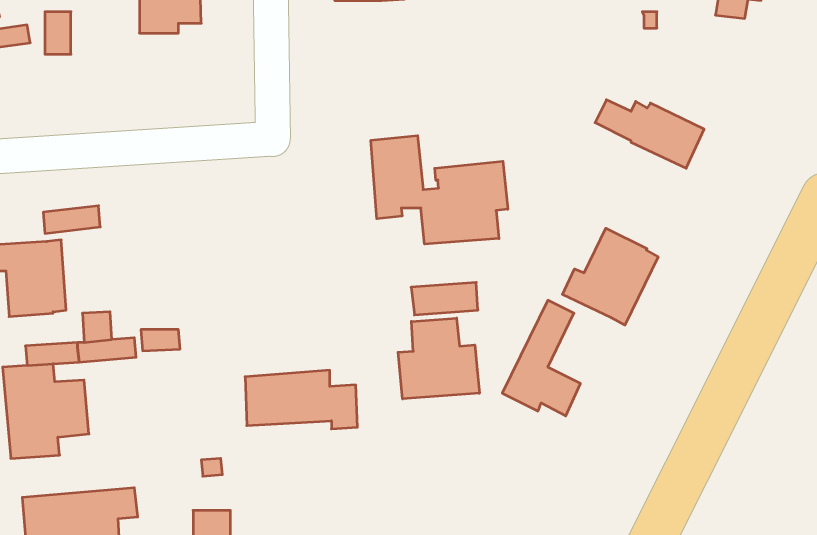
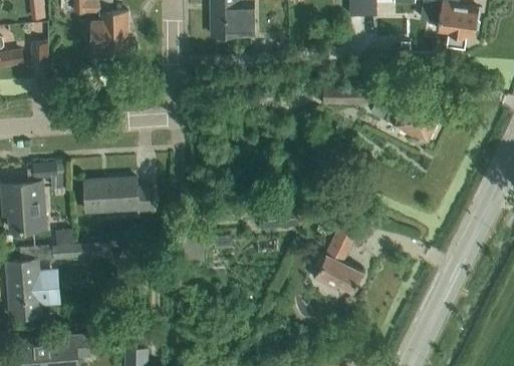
building: none -> [323,85,367,103]
building: [371,136,508,244] -> none
building: [562,228,658,325] -> none
building: [398,318,479,399] -> none
building: [245,370,357,429] -> [84,177,154,214]

